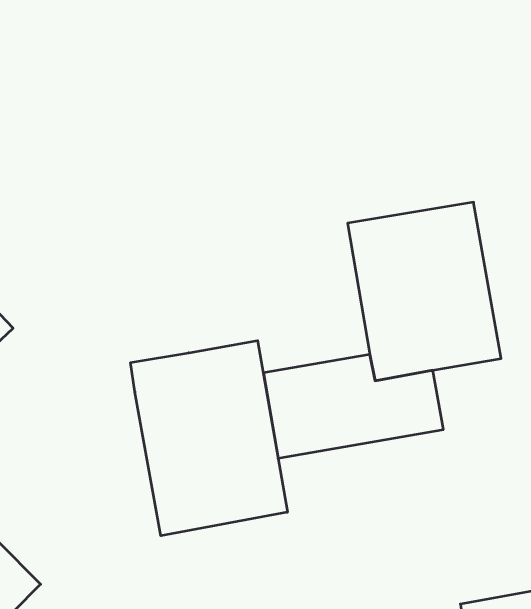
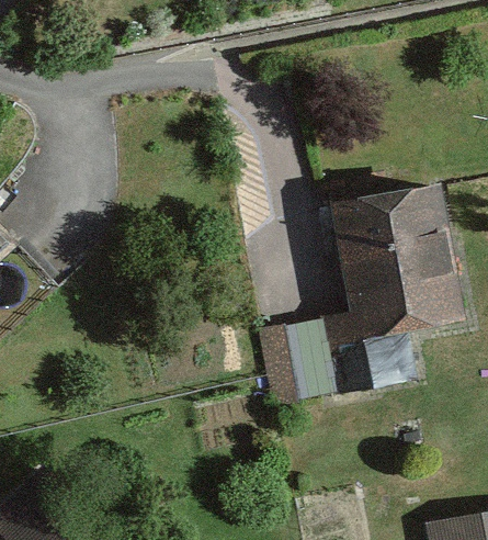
building: [131,341,287,536] -> none

